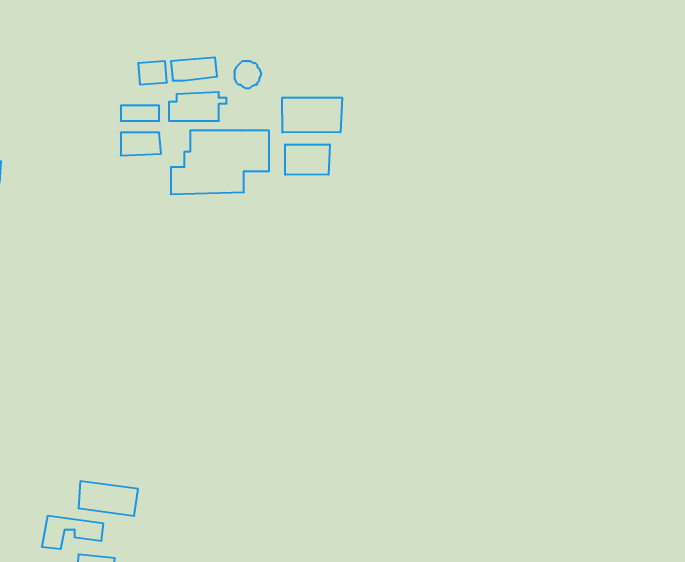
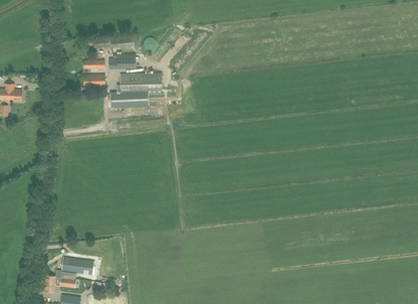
building: [282,98,342,133] -> none
building: [285,144,330,175] -> none

